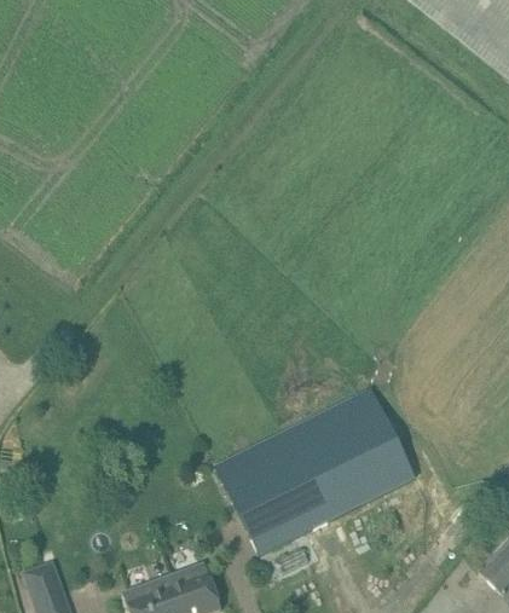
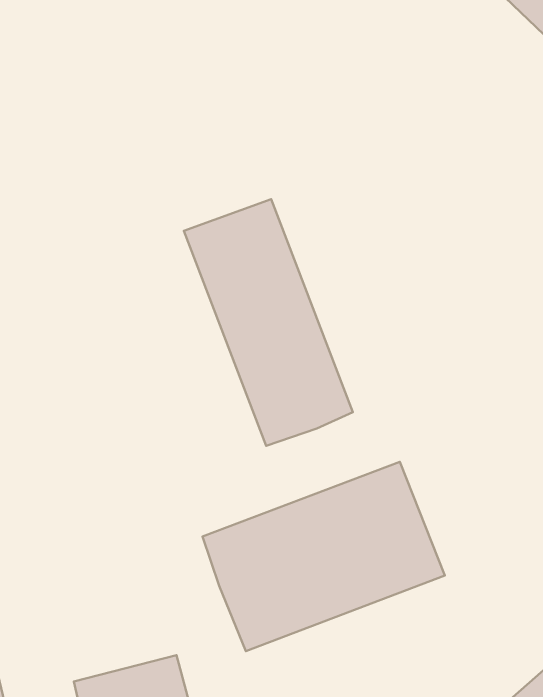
building: none -> [184,199,353,446]

